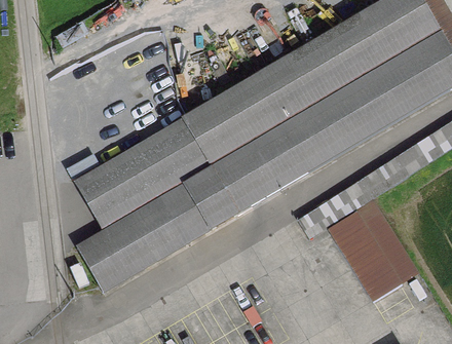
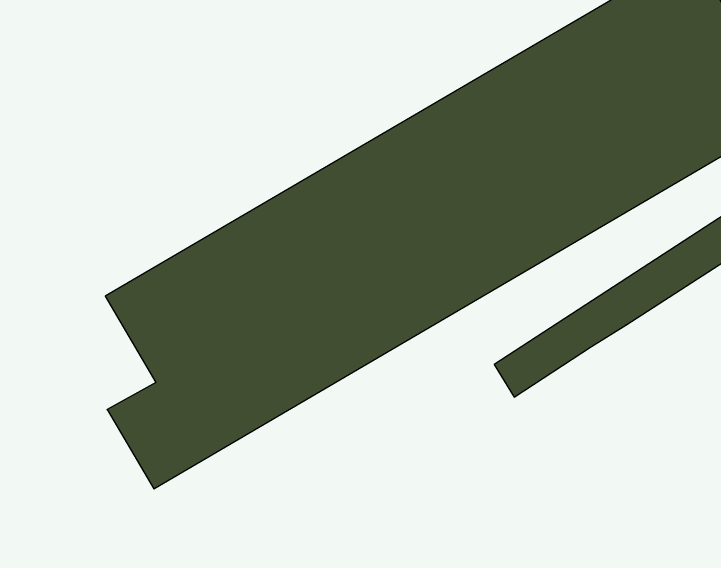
building: [326,198,417,302] -> none

